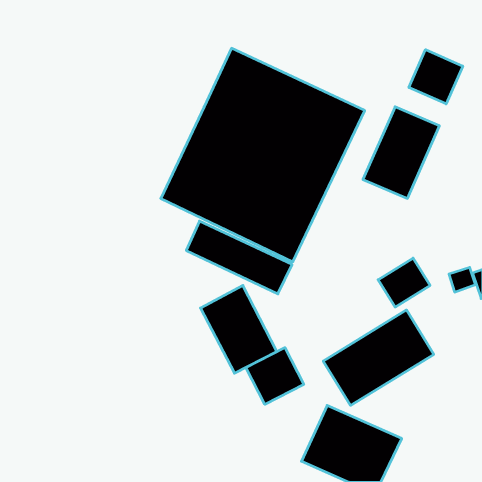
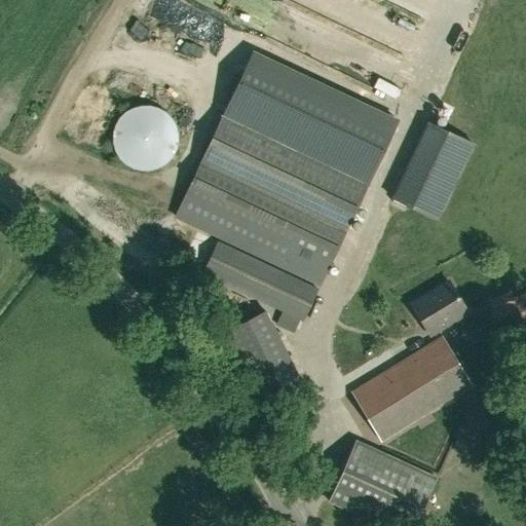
building: [409,50,463,104] -> none
building: none -> [112,104,178,170]
building: [246,348,304,404] -> none

